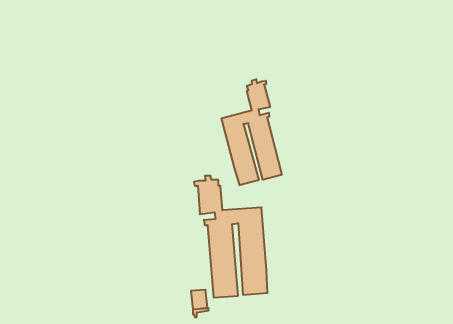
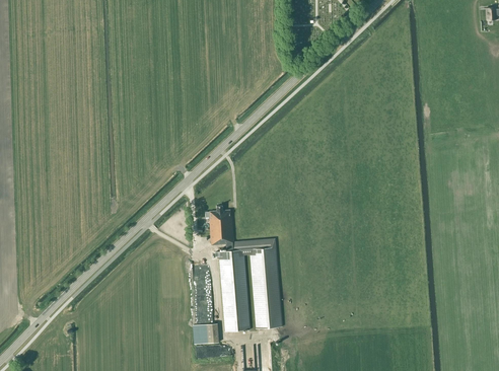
building: [222,79,282,185] -> none

